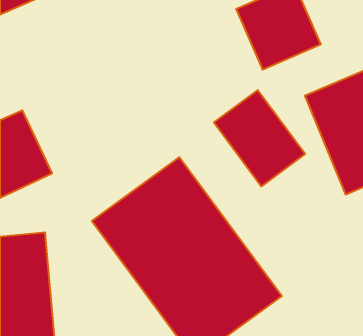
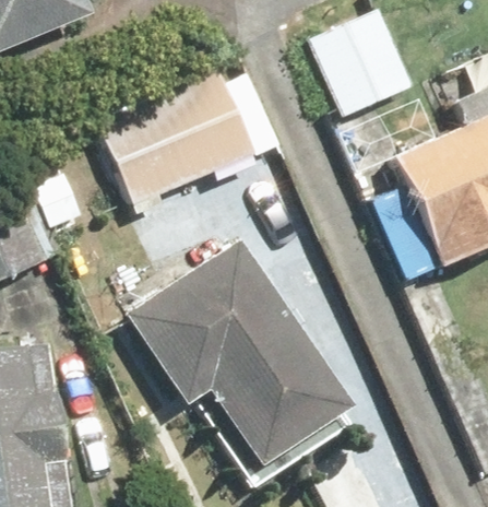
building: none -> [93,57,261,211]
building: [214,90,305,186] -> none

